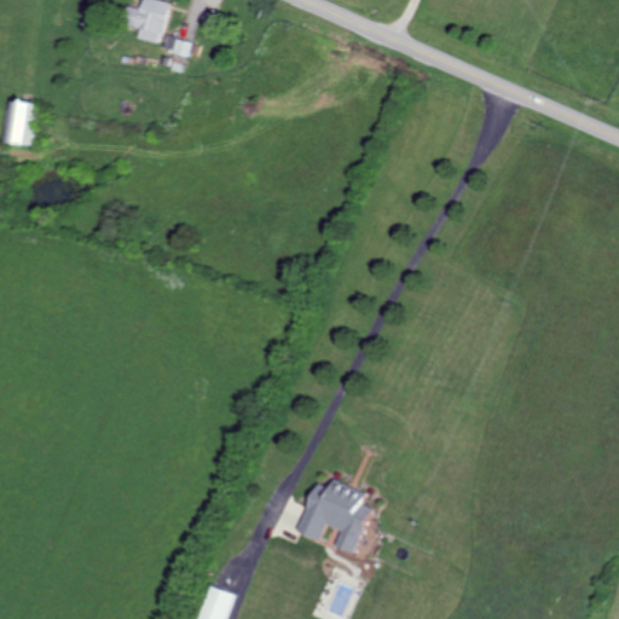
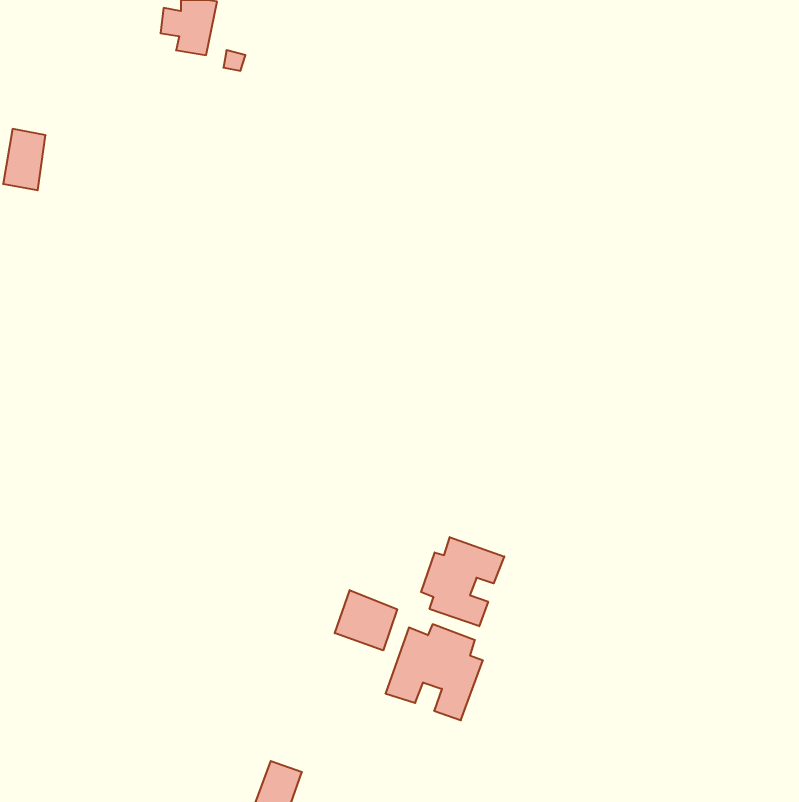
building: none -> [421,537,504,626]
building: none -> [335,590,397,650]

